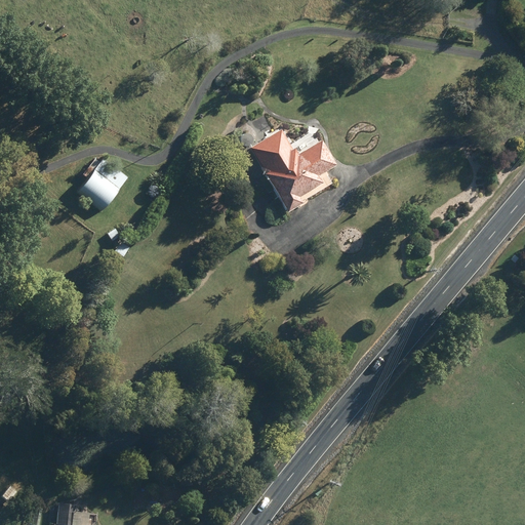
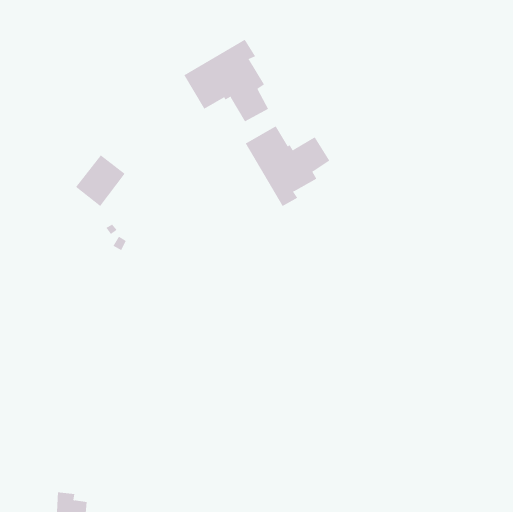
building: none -> [184,39,269,122]

